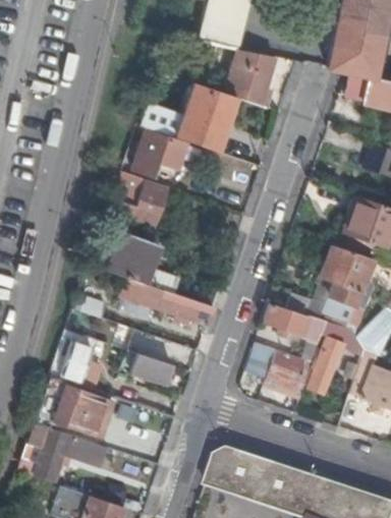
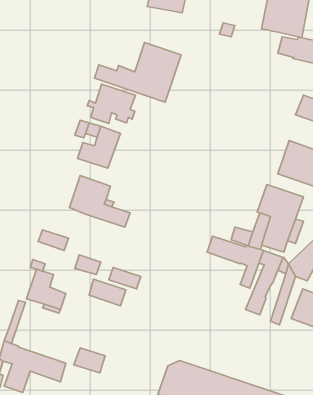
building: [227,51,273,109] -> none
building: [118,279,213,327] -> none
building: [255,343,314,387] -> none
building: [56,388,112,438] -> none

